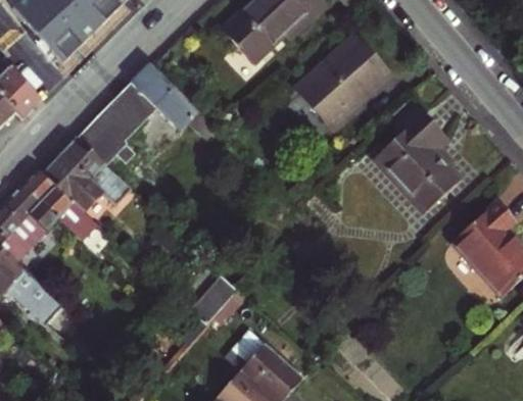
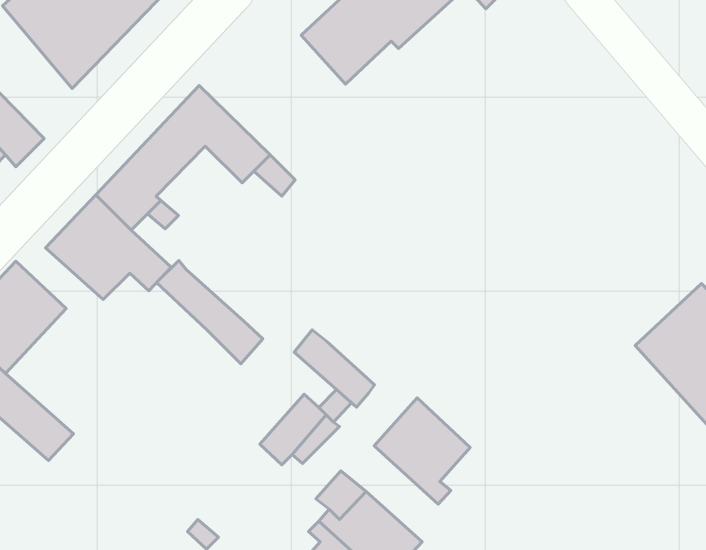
building: [295,36,389,128] -> none
building: [373,99,460,214] -> none
building: [22,169,96,241] -> [157,260,263,364]
building: none -> [294,330,375,407]
building: none -> [374,398,470,504]

